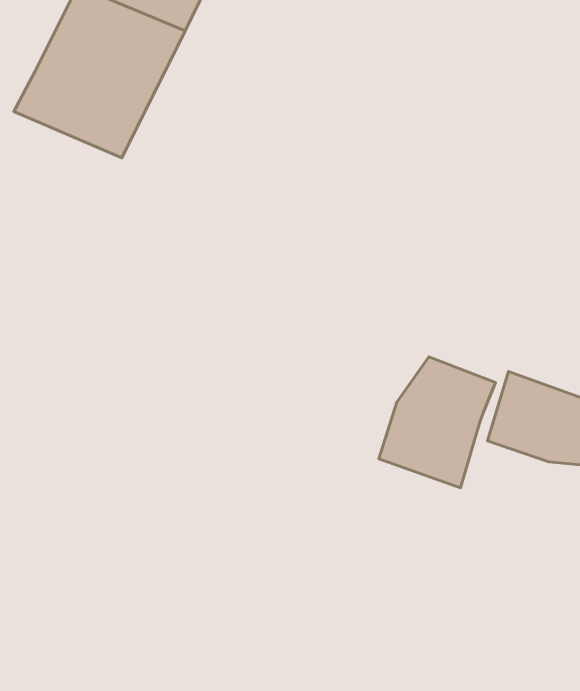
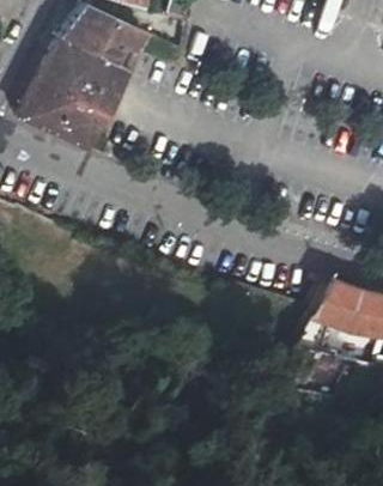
building: [379,357,495,488] -> none

